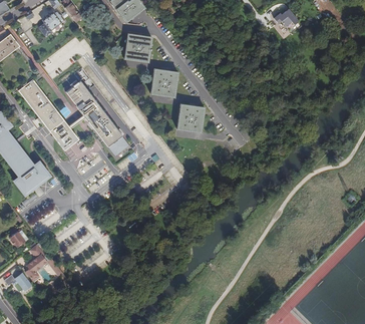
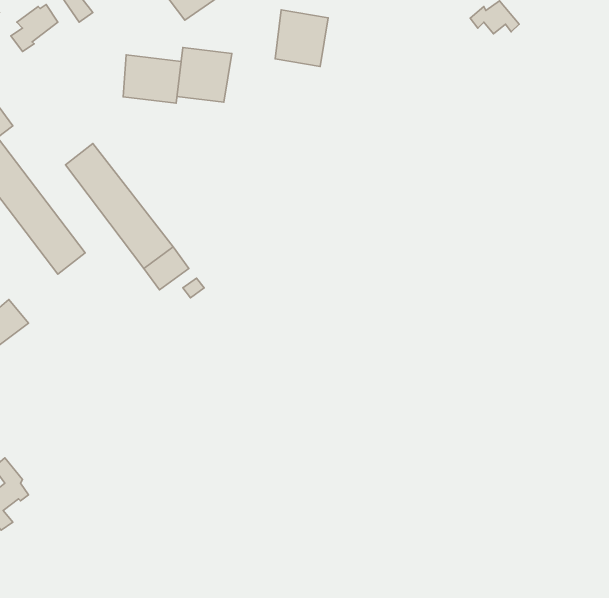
building: none -> [123,55,181,103]
building: [151,68,178,97] -> [275,10,328,67]
building: [177,103,205,132] -> none

